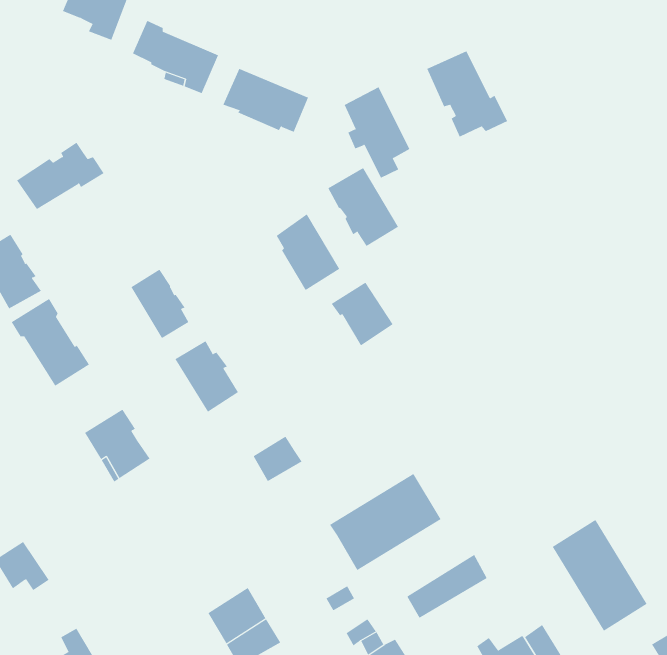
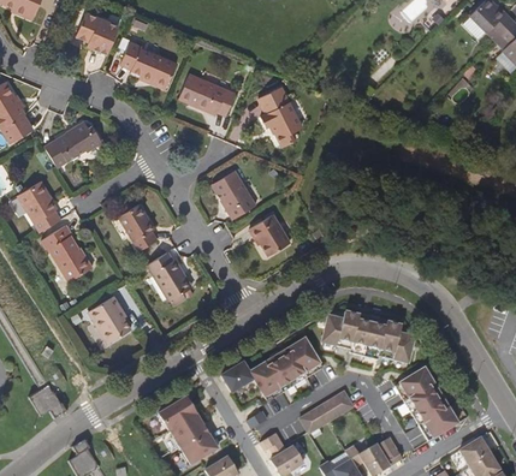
building: [426,51,508,137] -> none
building: [328,167,399,247] -> none
building: none -> [321,311,413,362]
building: [253,436,303,482] -> [221,362,254,392]
building: none -> [158,397,196,429]

